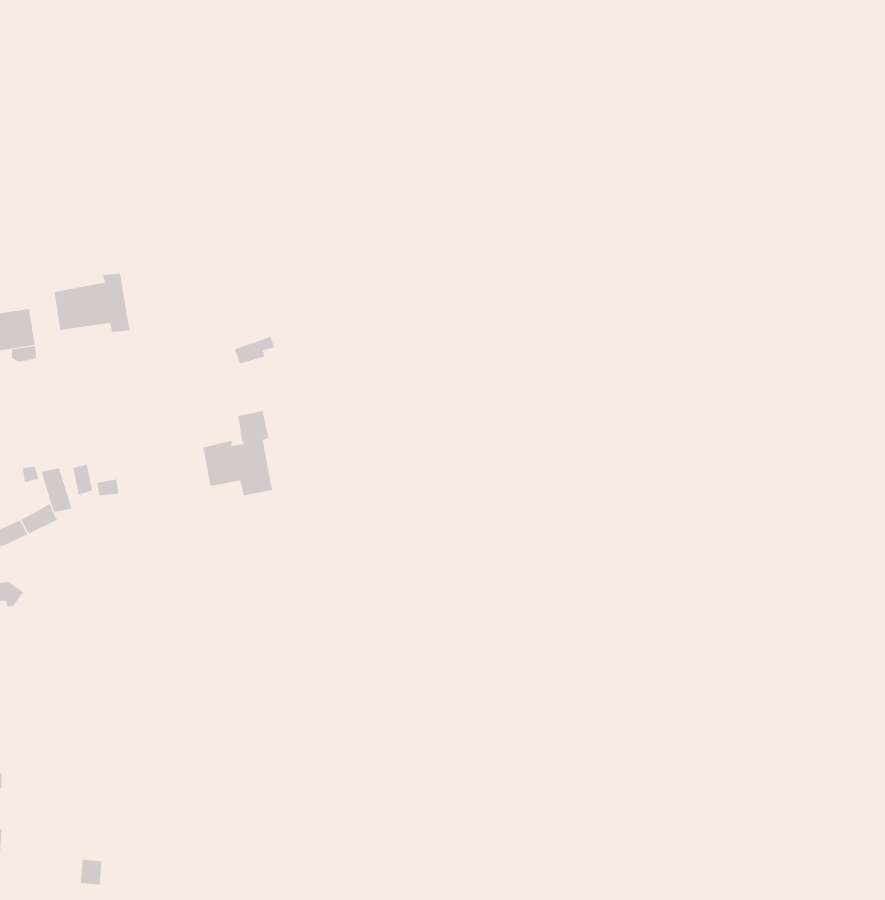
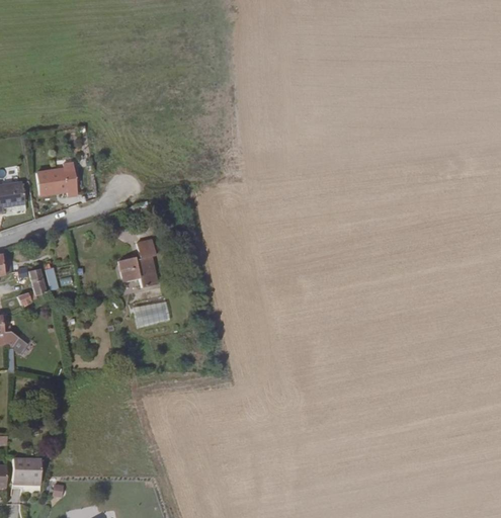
building: none -> [133,299,170,327]
building: none -> [13,459,41,481]

